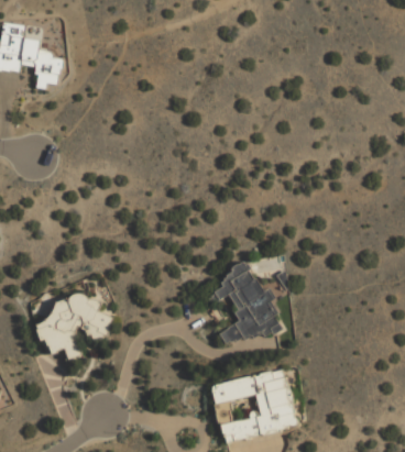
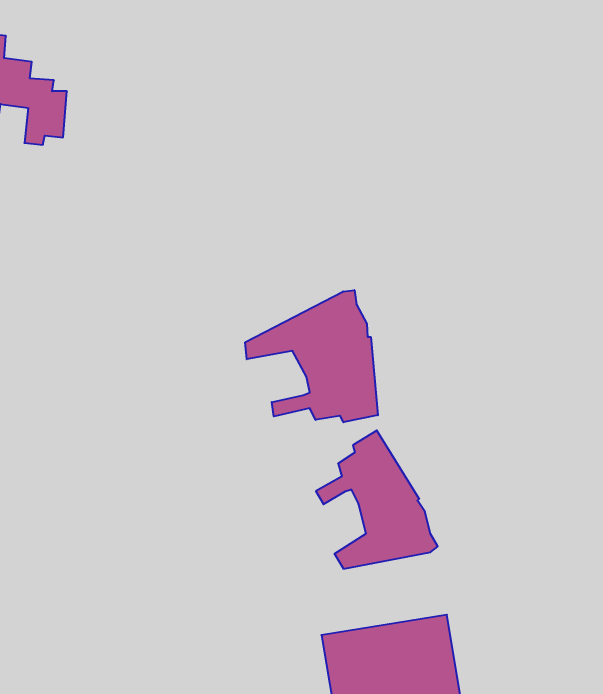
building: none -> [245,290,378,422]
building: [35,294,112,359] -> none

